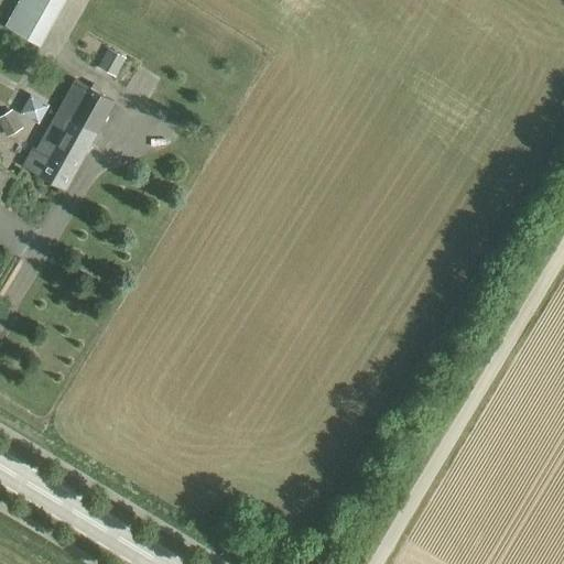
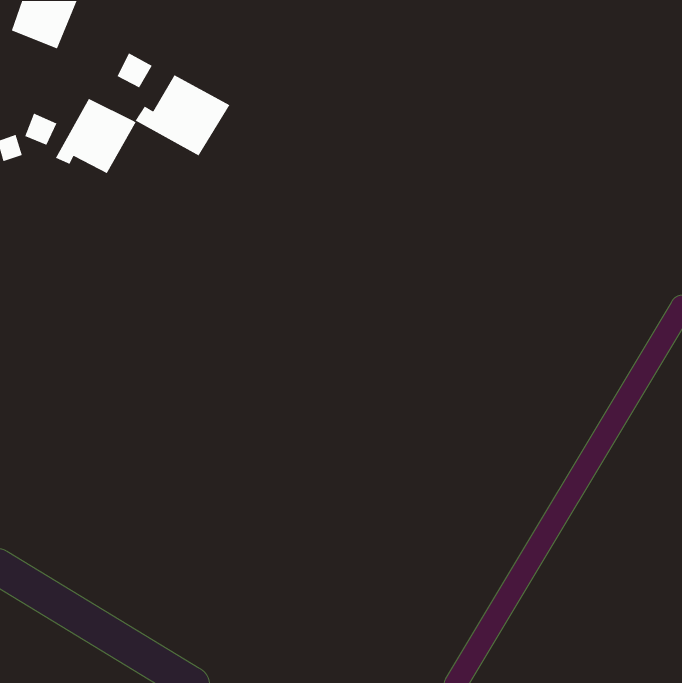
building: none -> [135,74,230,156]
building: [21,130,88,189] -> none

